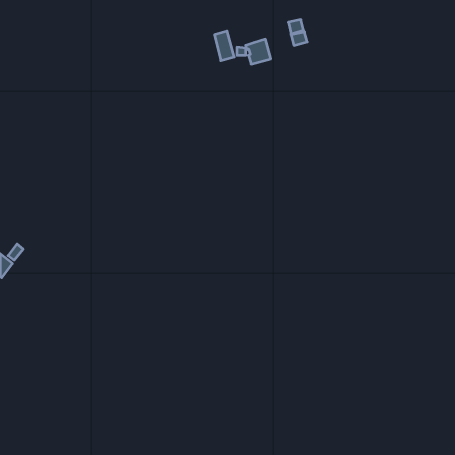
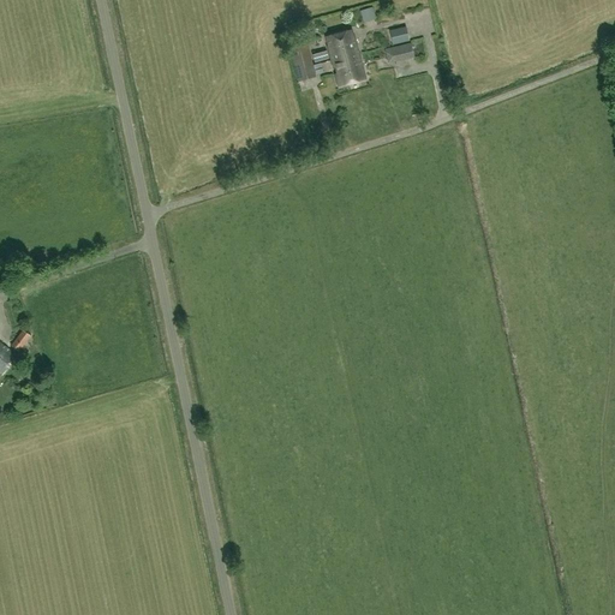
building: none -> [326,30,358,61]

